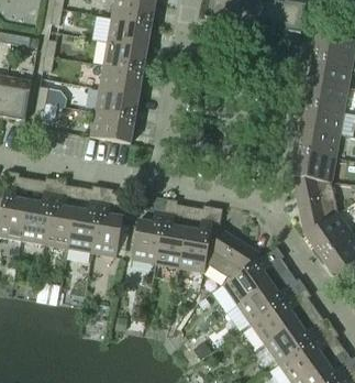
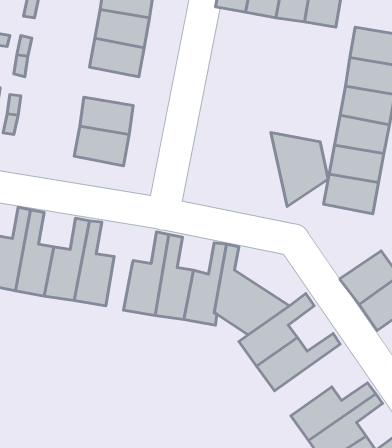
building: [99,65,143,96] -> none
building: [291,175,337,234] -> [271,132,328,206]
building: [252,287,311,344] -> none

